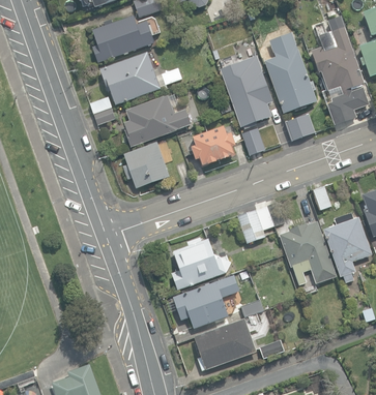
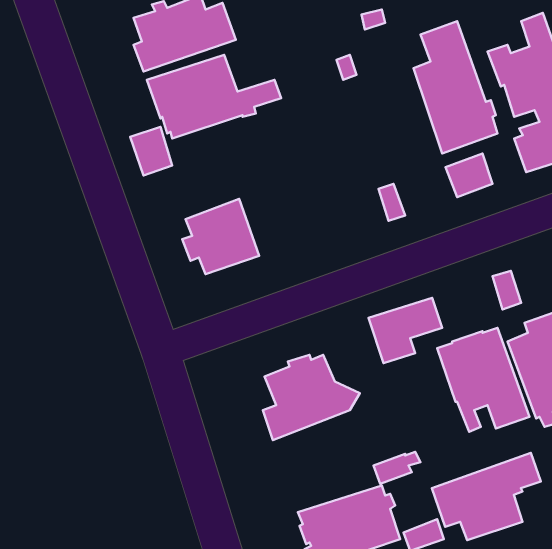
building: [223,57,272,128] -> none
building: [124,95,192,147] -> none
building: [191,125,236,165] -> none
building: [173,274,240,328] -> [432,453,541,540]

